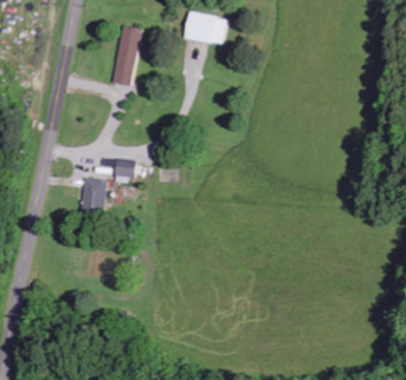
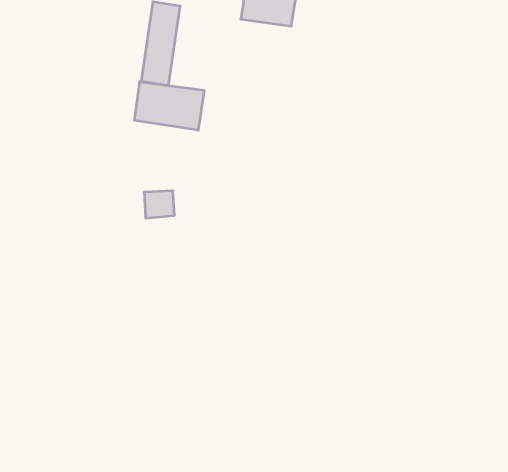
building: none -> [134,82,204,130]
building: [83,177,107,212] -> none

